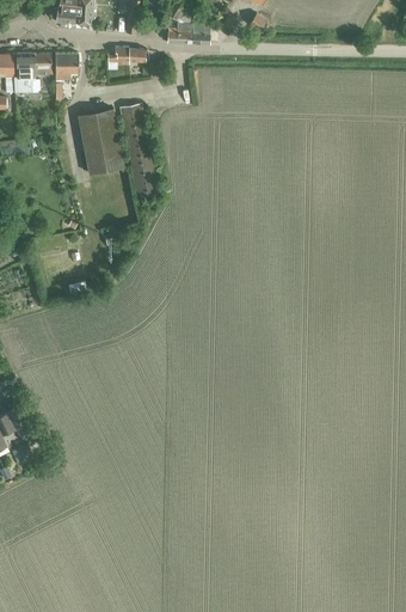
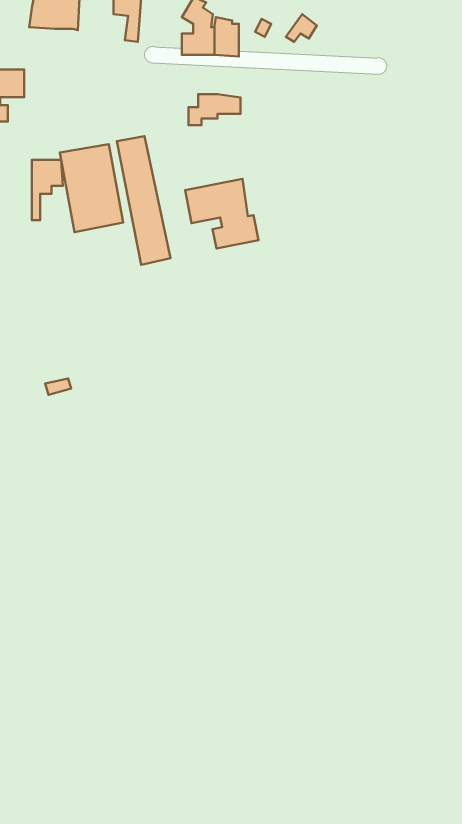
building: [106,47,144,69] -> [188,94,240,125]
building: [55,54,78,98] -> [32,160,63,220]
building: none -> [185,179,259,249]

